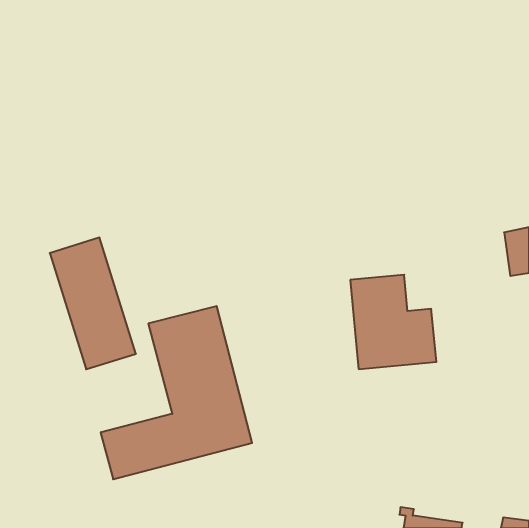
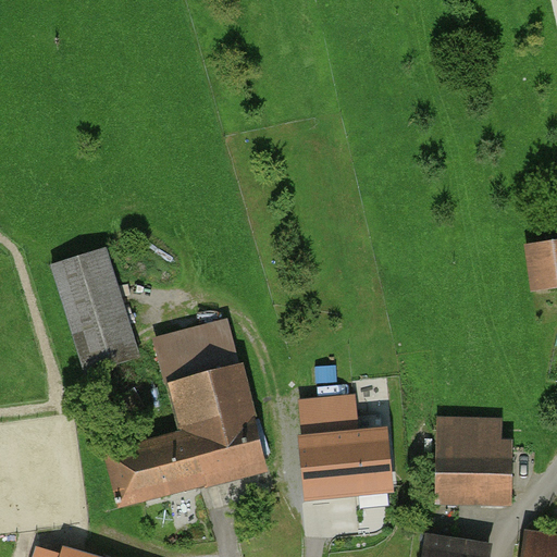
building: [350,275,436,369] -> [298,396,388,495]
building: none -> [436,422,511,498]

